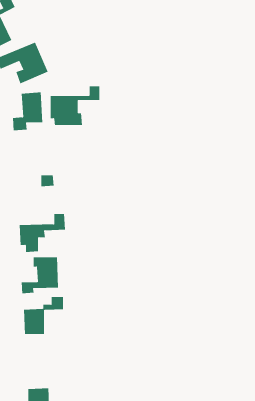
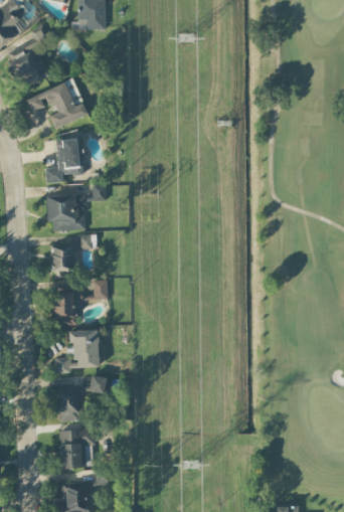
building: [50,86,100,126] -> [47,184,106,230]
building: none -> [51,244,72,278]
building: none -> [60,429,94,468]

